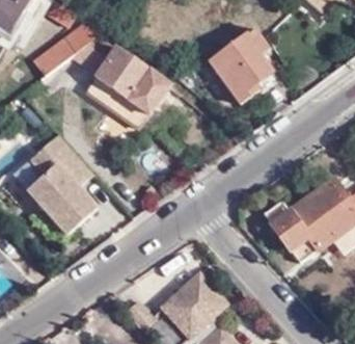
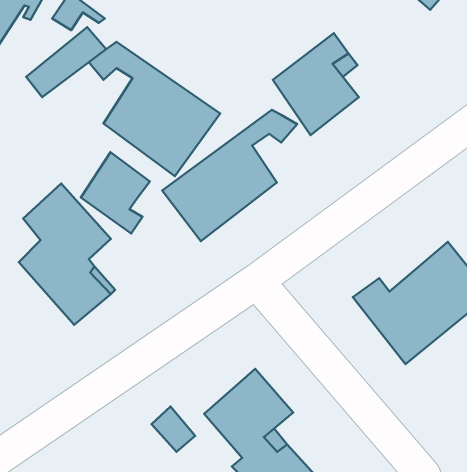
building: none -> [162,110,297,241]
building: none -> [81,152,150,234]

